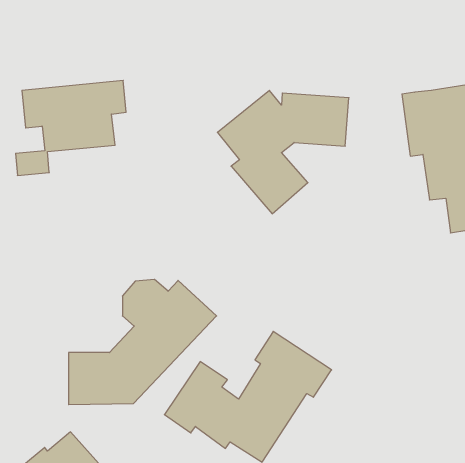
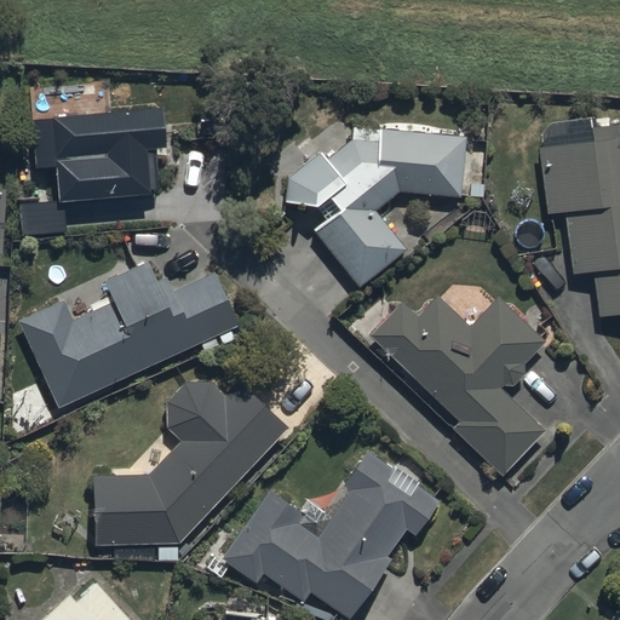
building: none -> [23,269,243,414]
building: none -> [363,291,546,472]

